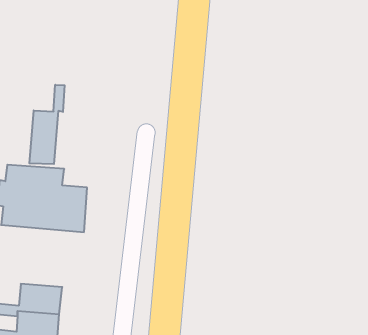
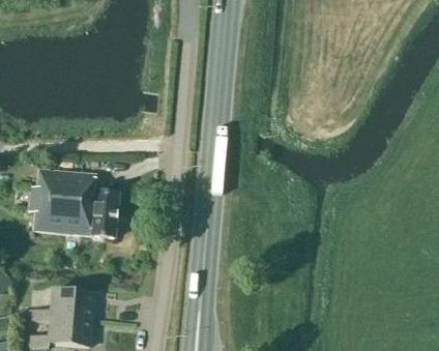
building: [29,85,65,164] -> none

